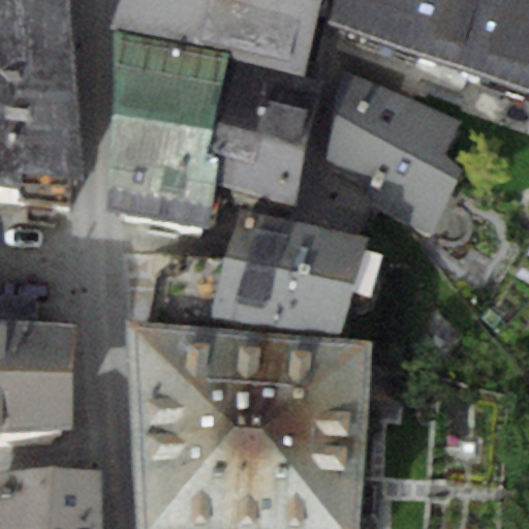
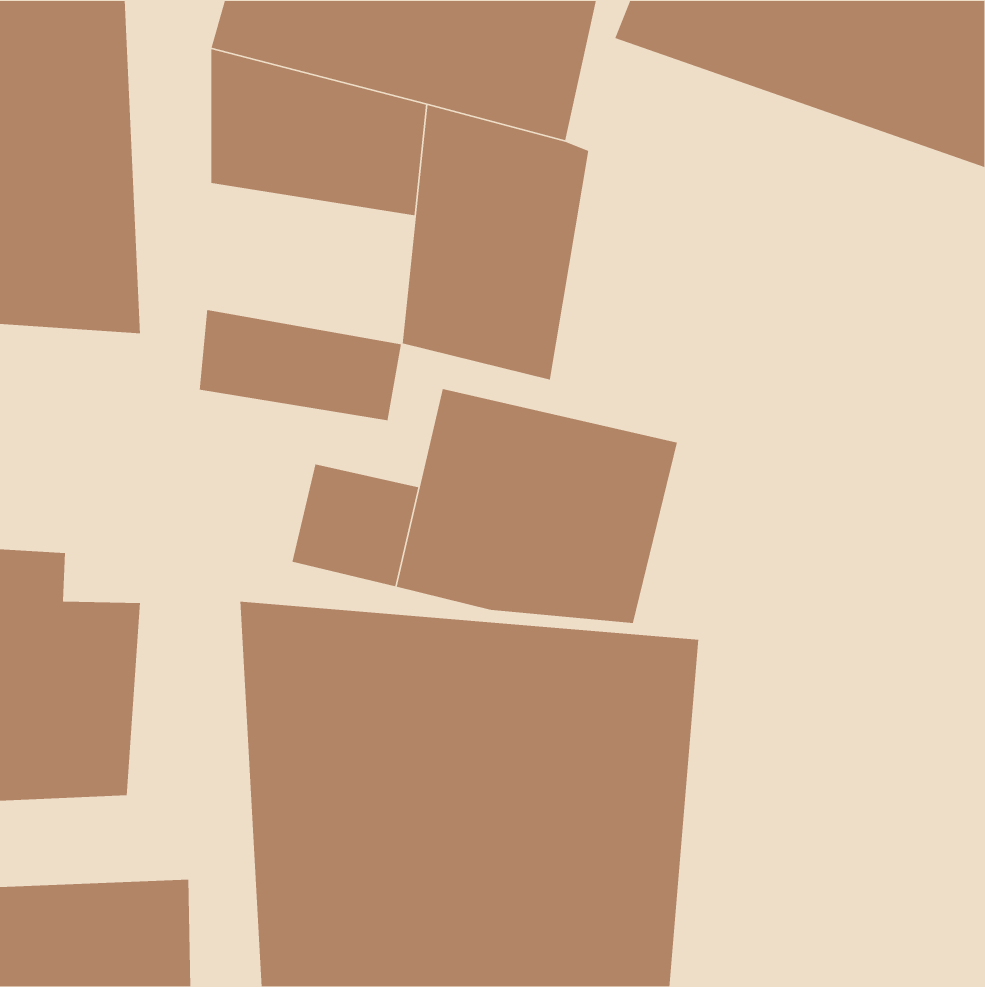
building: [326,68,460,232] -> none
building: [111,98,222,184] -> none

